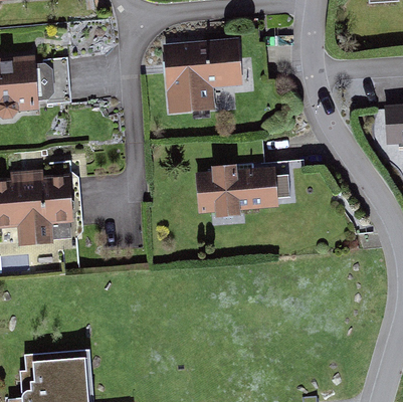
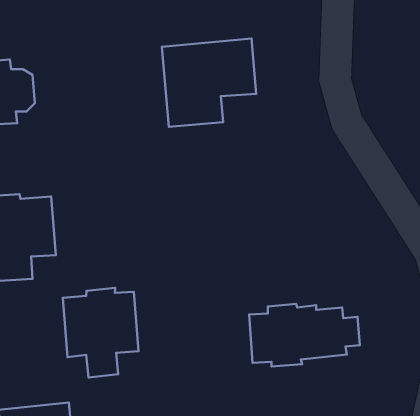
building: [196,164,290,217] -> [249,304,360,366]
building: none -> [63,288,139,377]

